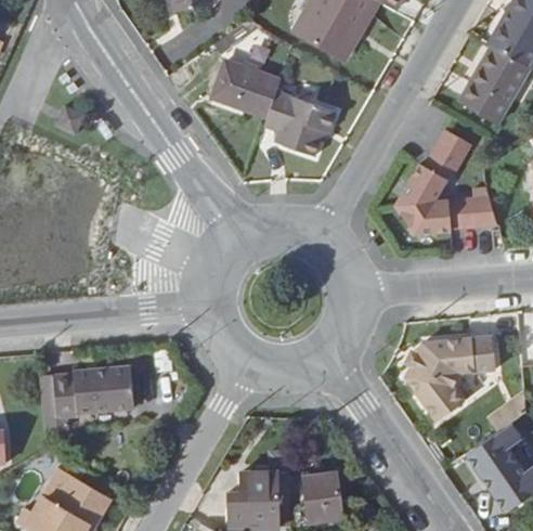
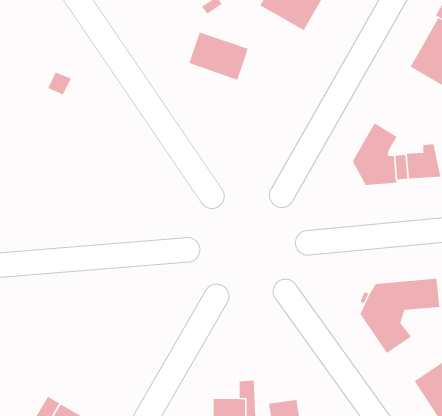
building: [266,91,334,155] -> none
building: [432,130,472,172] -> none
building: [39,366,134,419] -> none

